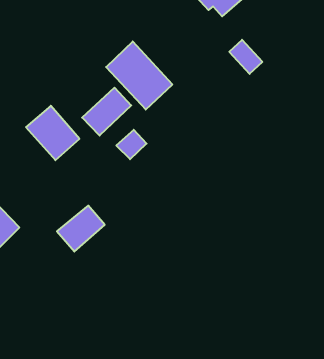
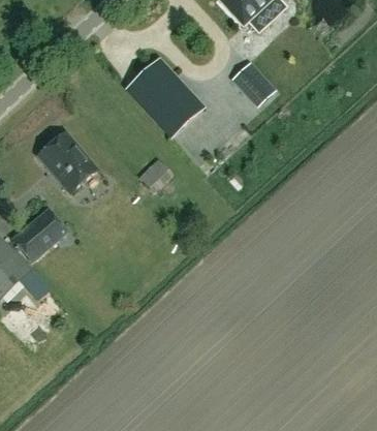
building: [229,40,262,74] -> [233,67,271,105]
building: [82,88,131,136] -> none
building: [57,206,105,252] -> [12,210,66,261]

